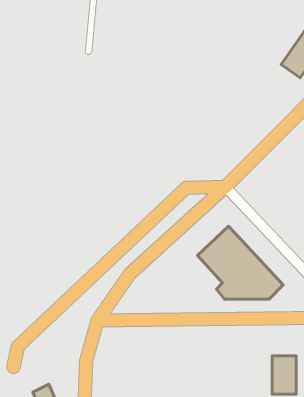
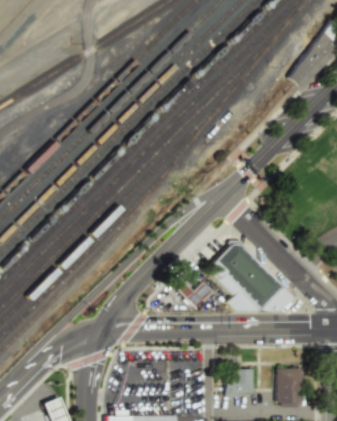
building: none -> [173,278,212,309]
building: none -> [226,369,255,396]

